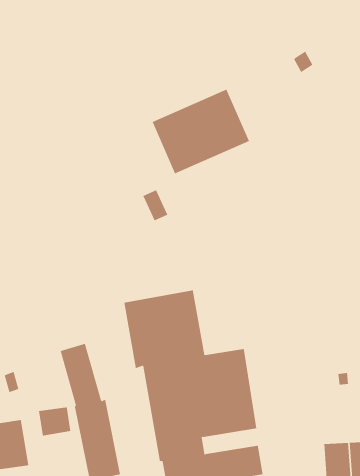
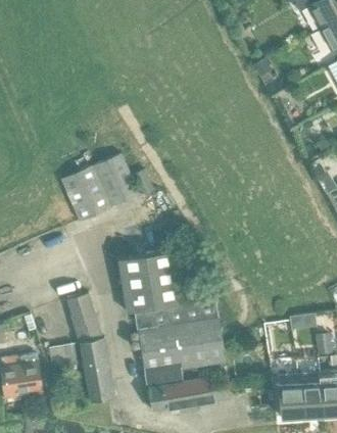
building: [152,89,250,174] -> [61,153,140,222]

